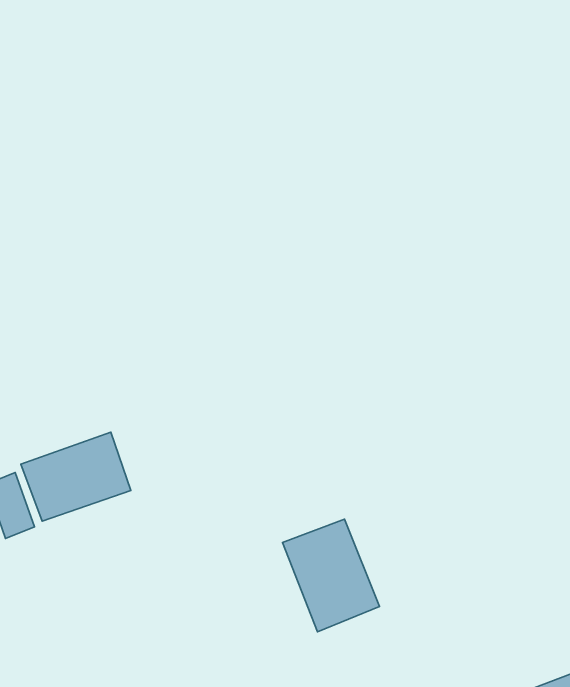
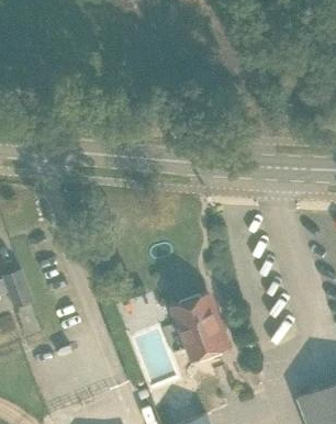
building: [21,432,131,521] -> none

